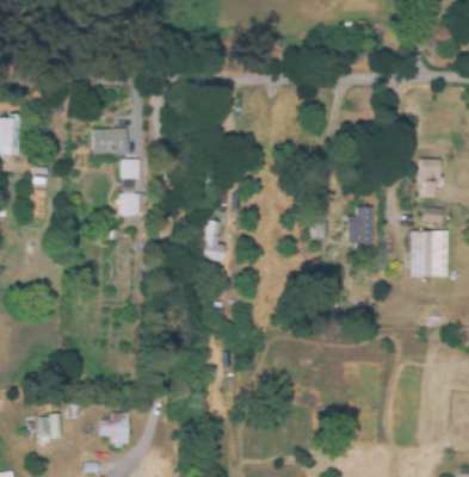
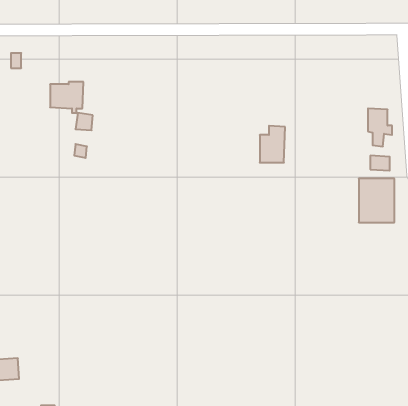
building: [348,204,375,242] -> [260,126,285,163]
building: [199,221,223,262] -> none
building: [112,411,130,442] -> none

